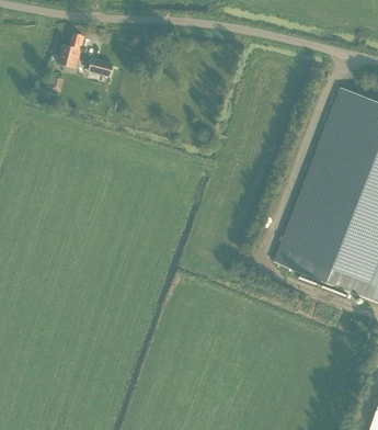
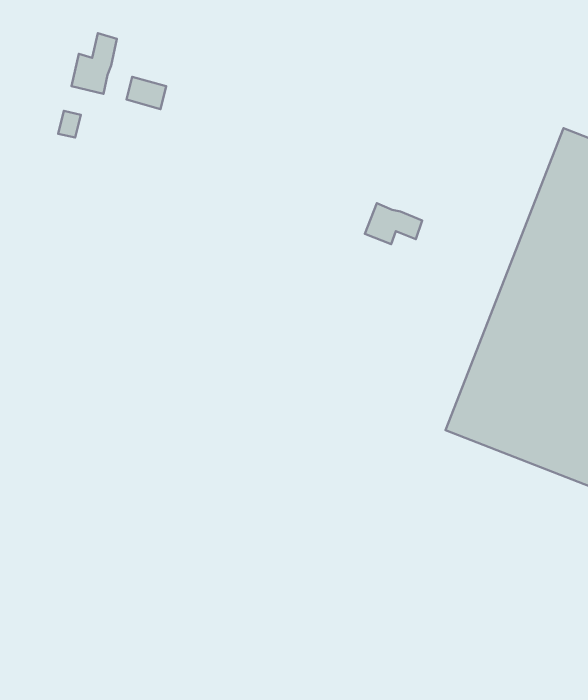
building: none -> [365,203,422,244]

